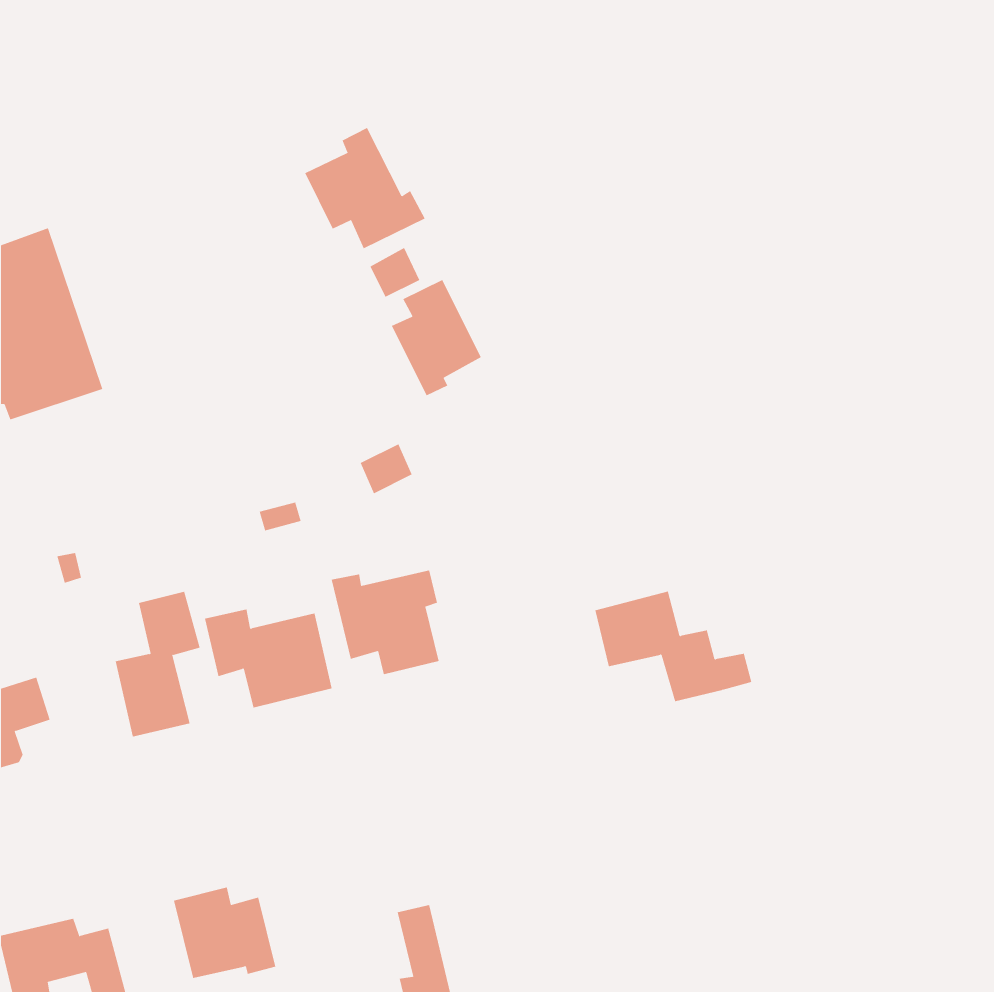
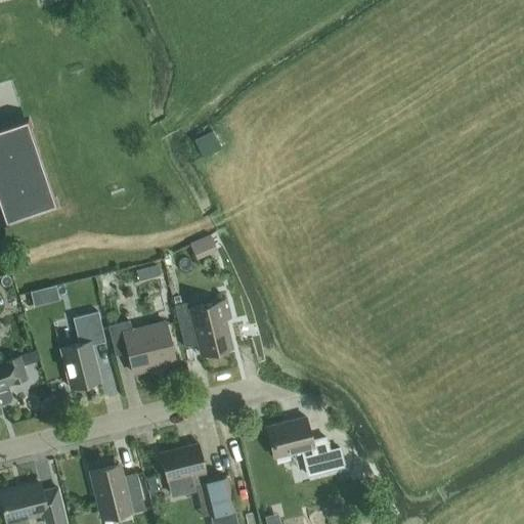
building: [304,127,425,249] -> none
building: [391,279,482,396] -> none
building: [595,591,752,702] -> [266,418,349,476]
building: none -> [160,444,209,497]

